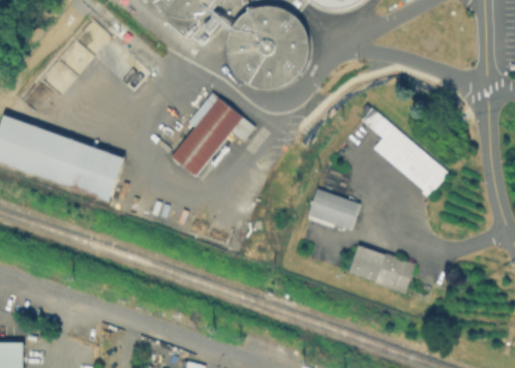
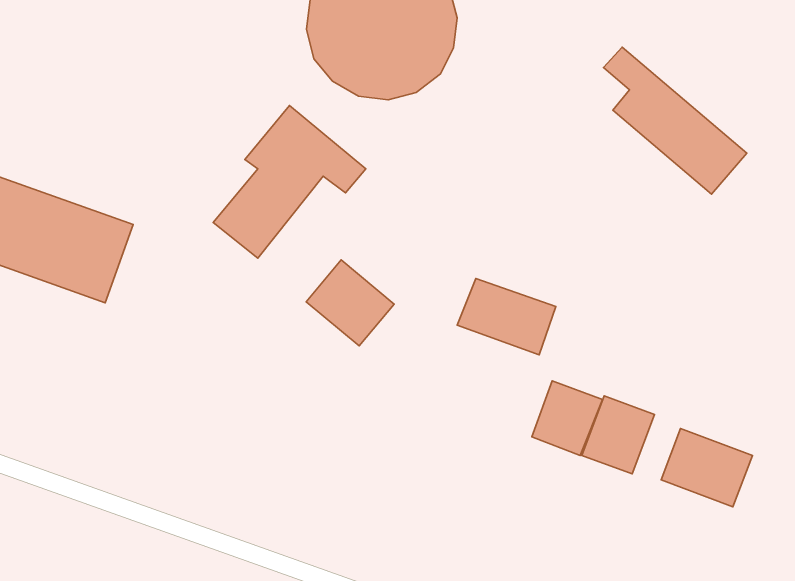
building: [369,114,449,195] -> [604,47,747,194]
building: none -> [306,260,394,346]
building: none -> [661,428,753,507]

